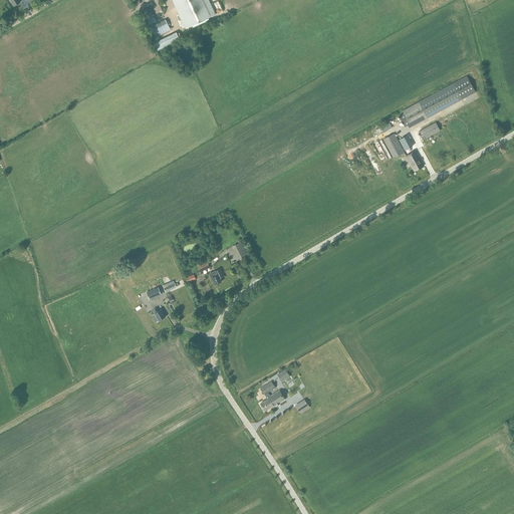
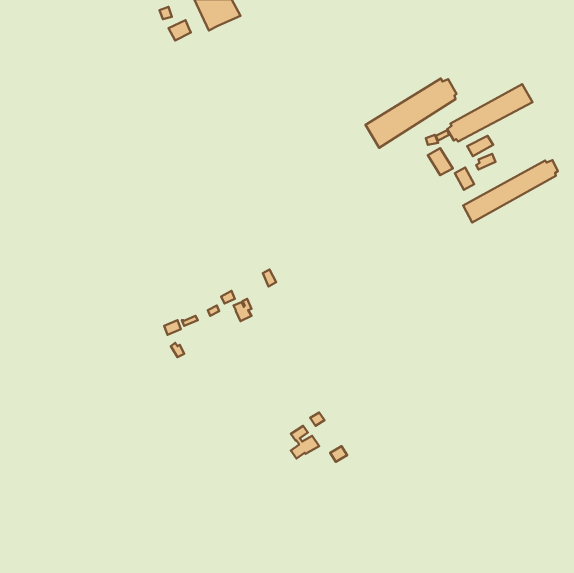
building: none -> [365,79,457,148]
building: none -> [463,160,558,223]

